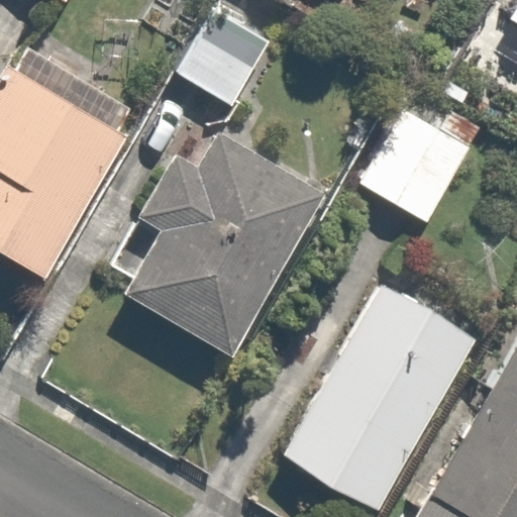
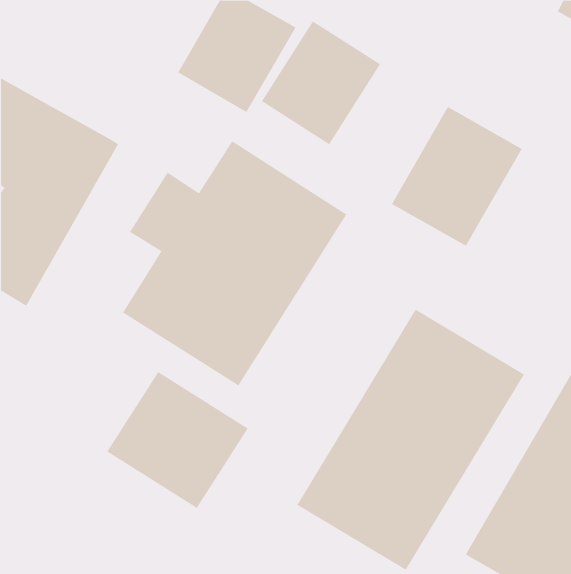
building: none -> [261,20,381,145]
building: none -> [107,371,249,509]

